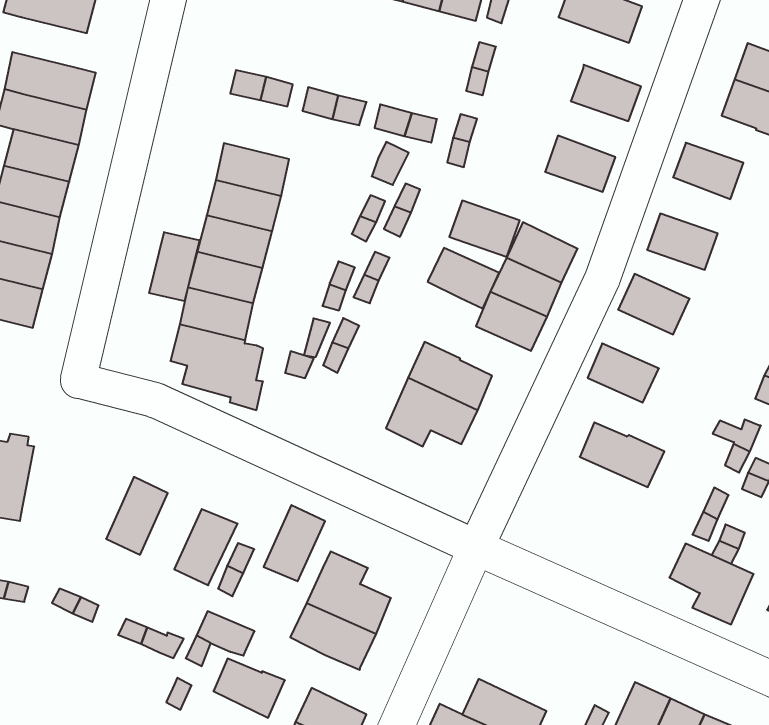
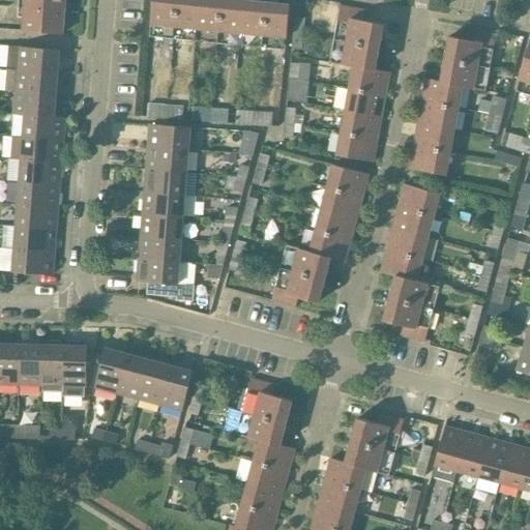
building: none -> [329,39,378,69]
building: none -> [12,92,55,117]
building: none -> [345,88,385,117]
building: none -> [147,124,189,150]
building: none -> [421,79,462,108]
building: none -> [413,123,453,152]
building: [449,201,520,257] -> [336,132,377,161]
building: [149,232,199,301] -> none
building: [428,248,499,308] -> [308,231,350,263]
building: none -> [391,207,433,238]
building: none -> [380,251,421,282]
building: none -> [62,341,87,398]
building: none -> [94,349,126,393]
building: [264,505,325,581] -> [138,360,170,405]
building: [669,544,754,624] -> [383,298,433,342]
building: none -> [351,414,403,452]
building: [213,659,285,718] -> [253,441,294,472]

